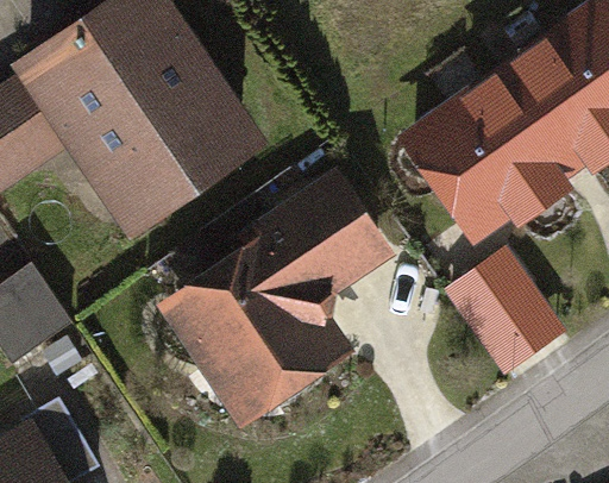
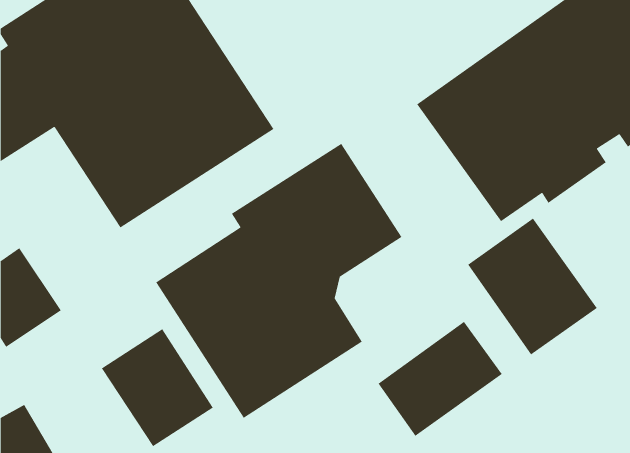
building: none -> [377,321,503,437]
building: none -> [101,328,214,447]

